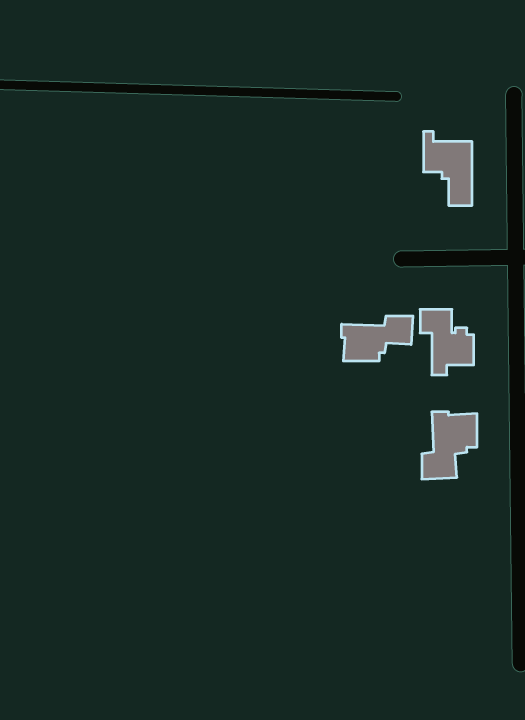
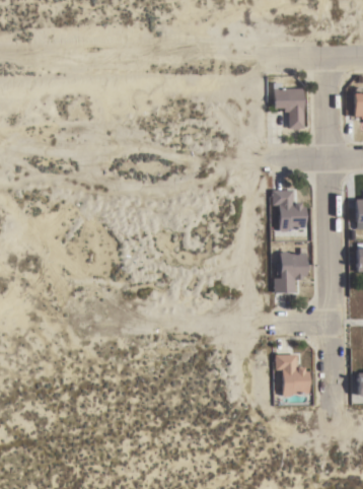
building: [342,316,413,361] -> none
building: none -> [276,355,309,396]

